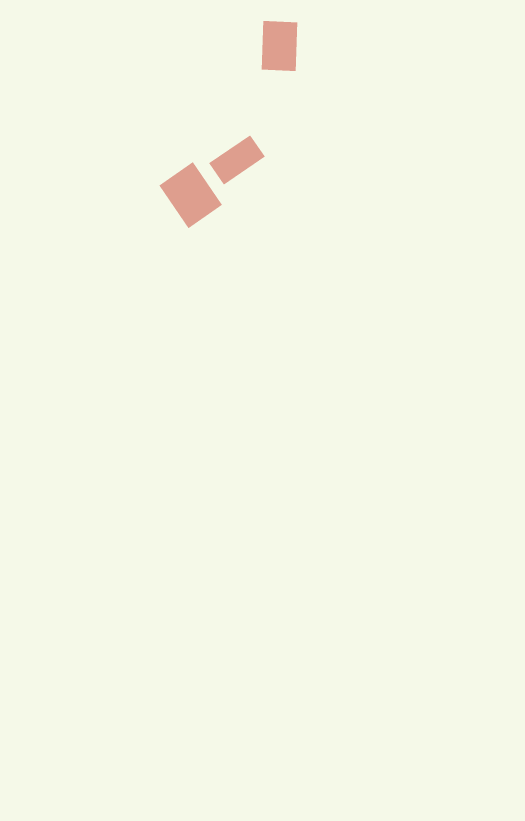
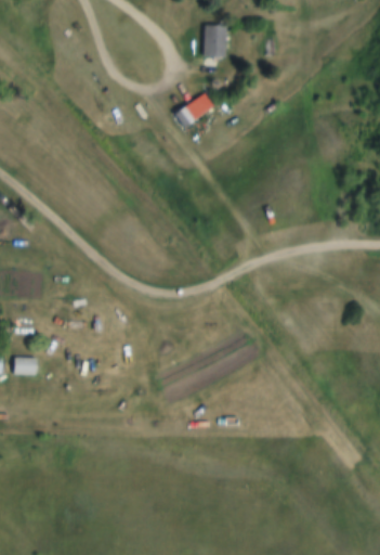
building: [158,161,223,229] -> none

